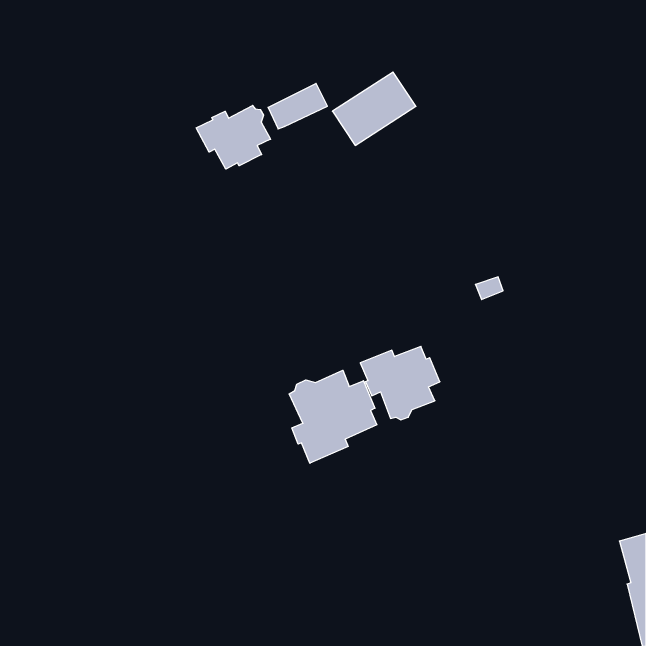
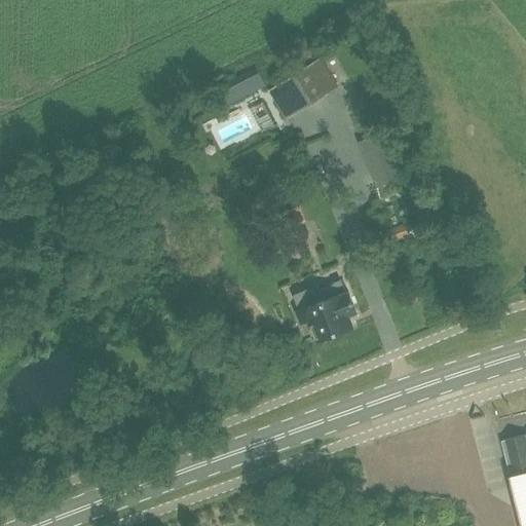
building: [196,105,271,169] -> none
building: [289,370,377,463] -> none

